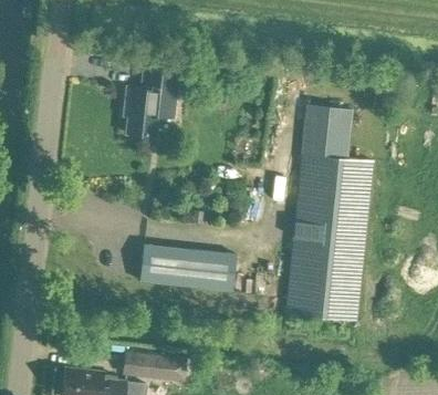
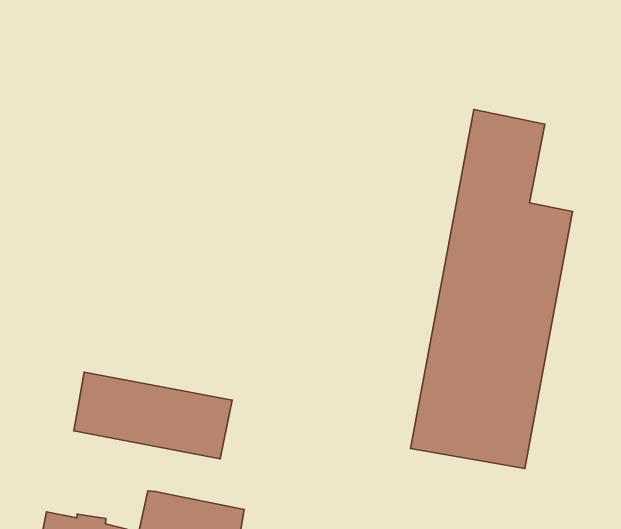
building: [125,64,179,137] -> none
building: [140,246,236,292] -> [74,372,232,459]

